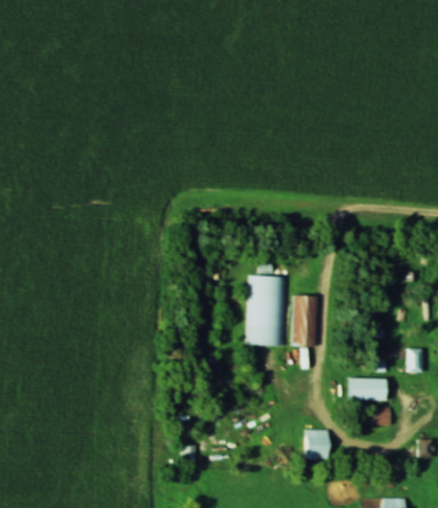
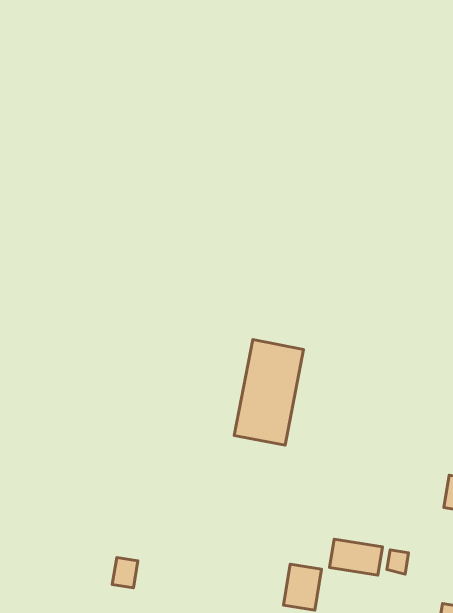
building: [291,295,316,346] -> none
building: [347,378,382,399] -> [330,539,382,575]

